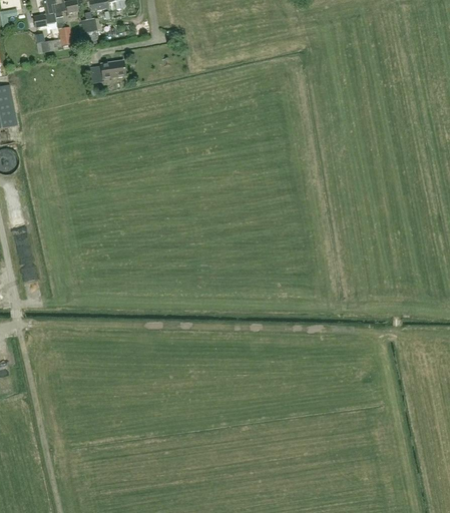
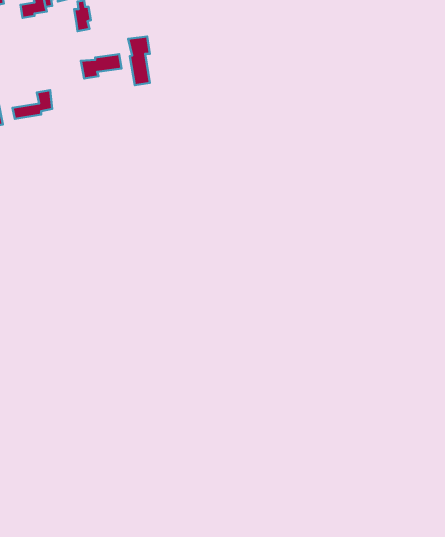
building: [35,27,71,53] -> [13,90,52,119]
building: none -> [128,37,150,85]

